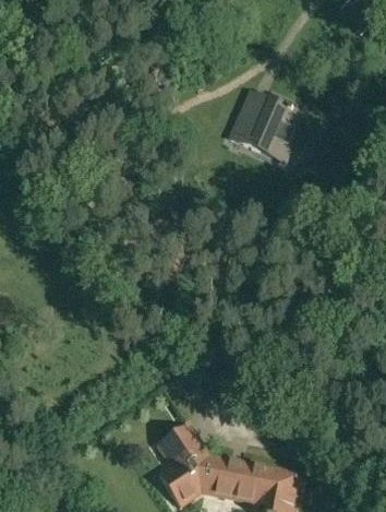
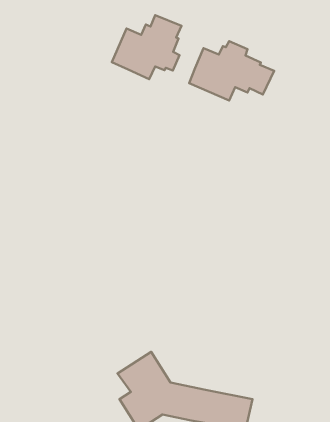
building: none -> [112,15,181,79]

